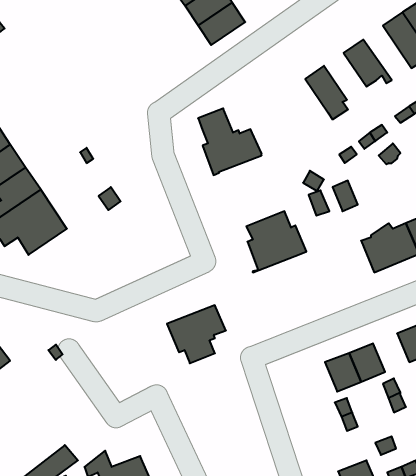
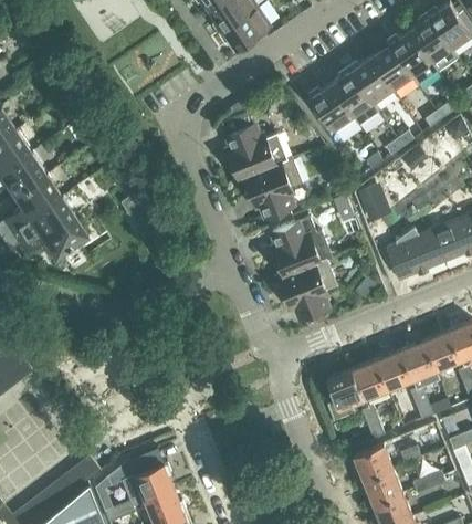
building: none -> [389,30,438,85]
building: none -> [349,57,392,105]
building: none -> [310,84,354,133]
building: none -> [243,157,302,218]
building: [167,305,226,363] -> [277,261,337,319]
building: none -> [399,342,436,380]
building: none -> [326,370,363,422]
building: none -> [354,444,392,481]

